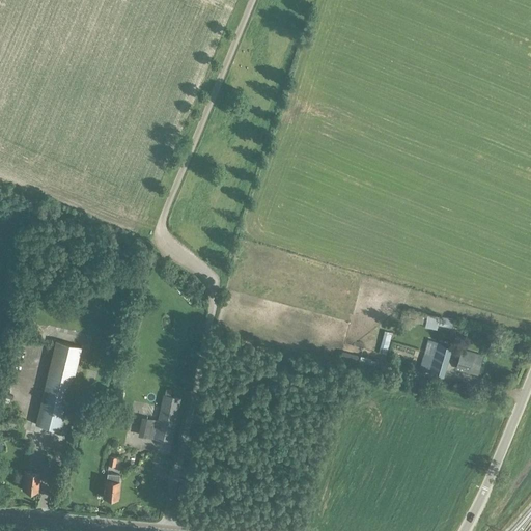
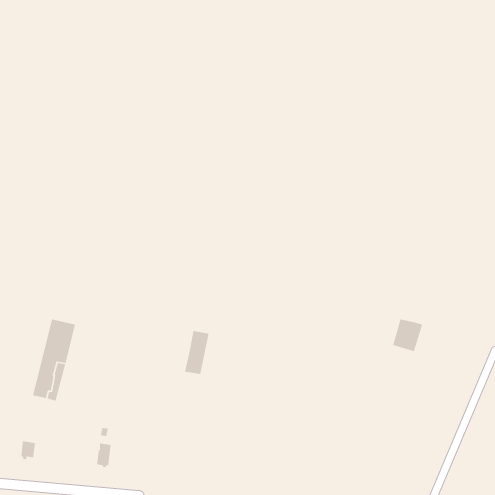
building: [455,351,482,375] -> none
building: [152,395,179,443] -> [184,330,209,375]

